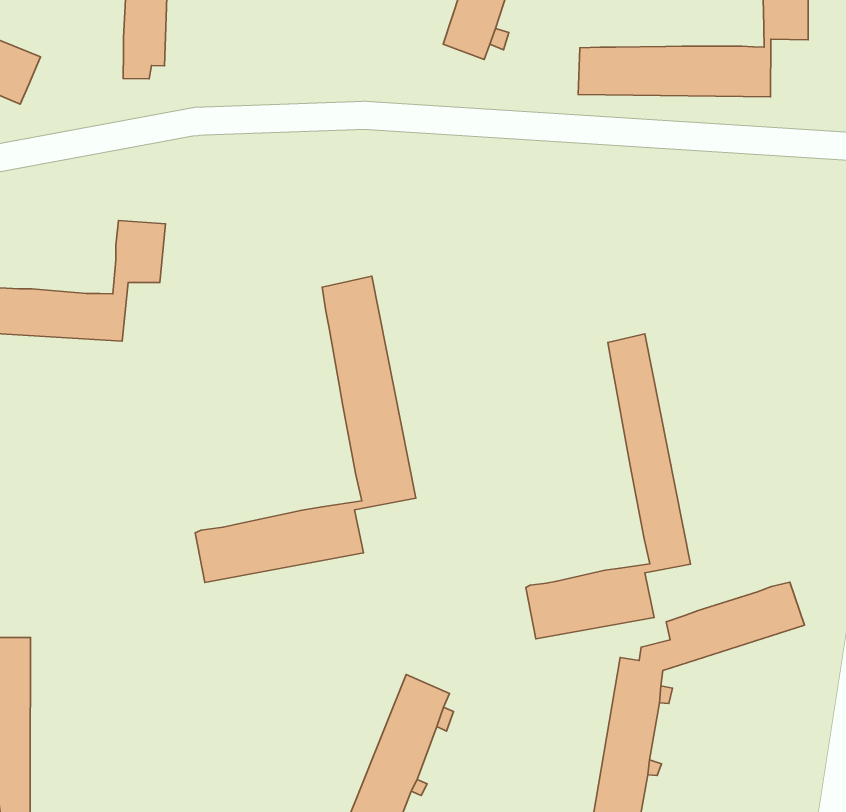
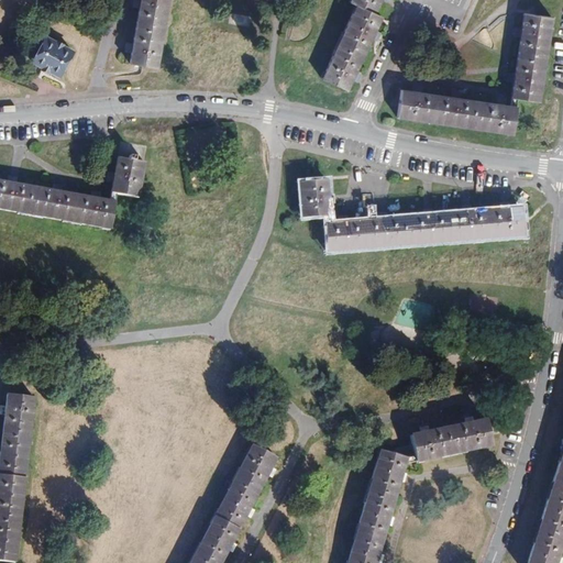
building: none -> [299,179,523,251]
building: [195,276,416,582] -> none
building: [526,334,690,639] -> none

